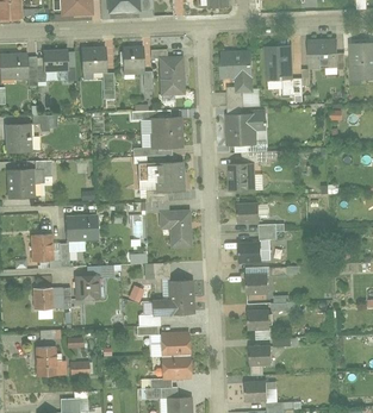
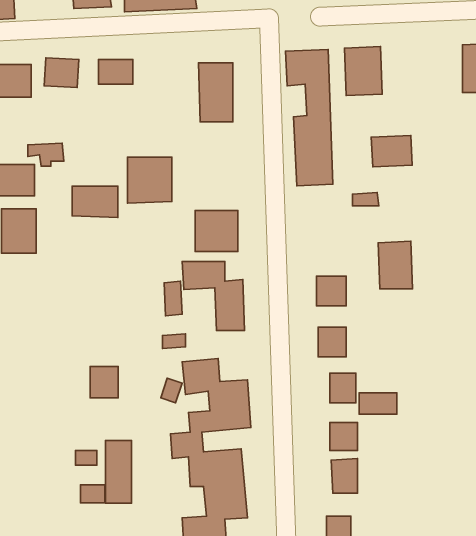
building: [305,39,335,62] -> [371,136,412,167]
building: [119,45,143,68] -> none
building: [148,113,180,146] -> [128,157,172,203]
building: [232,154,257,188] -> [378,241,413,289]
building: [64,212,98,234] -> [72,186,118,217]
building: [30,226,54,261] -> none
building: [29,283,62,305] -> none
building: [38,337,57,382] -> [105,441,132,503]

